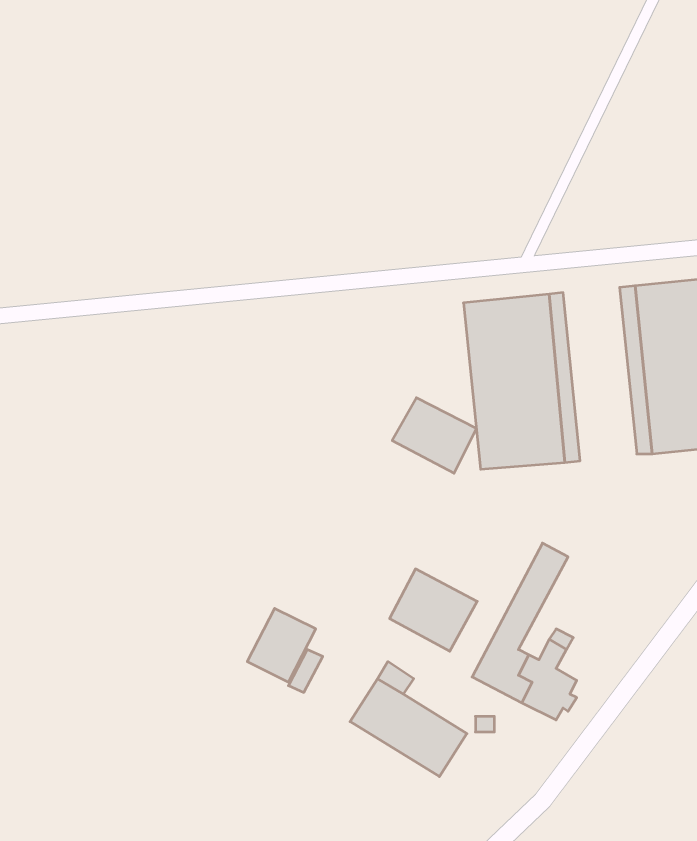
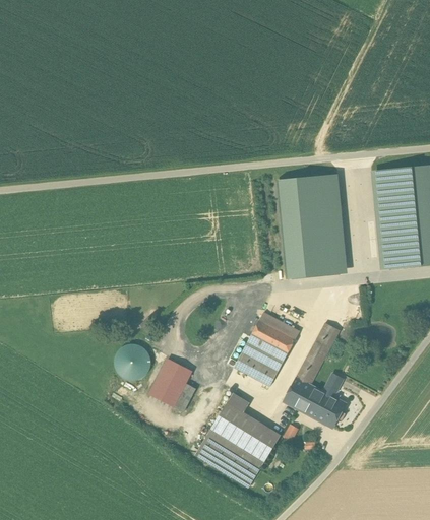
building: [392,398,476,473] -> [249,312,299,356]
building: none -> [114,343,150,380]
building: none -> [195,428,263,486]

